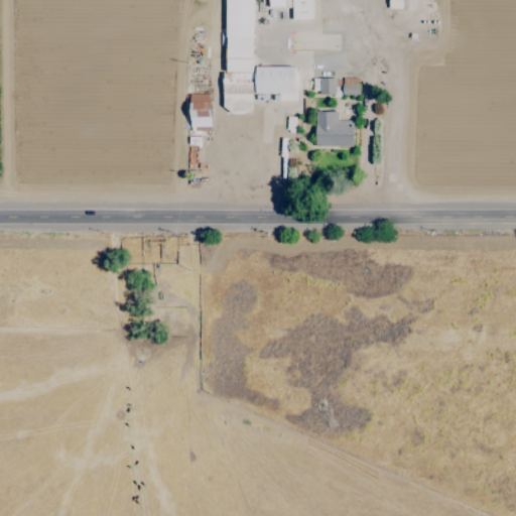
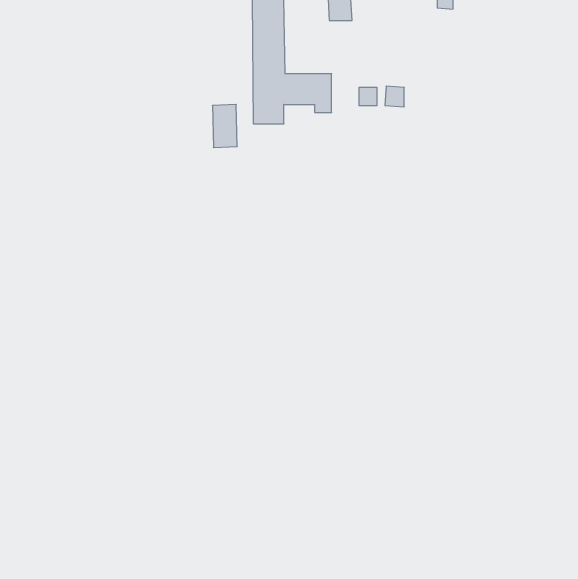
building: [316,111,355,146] -> none

